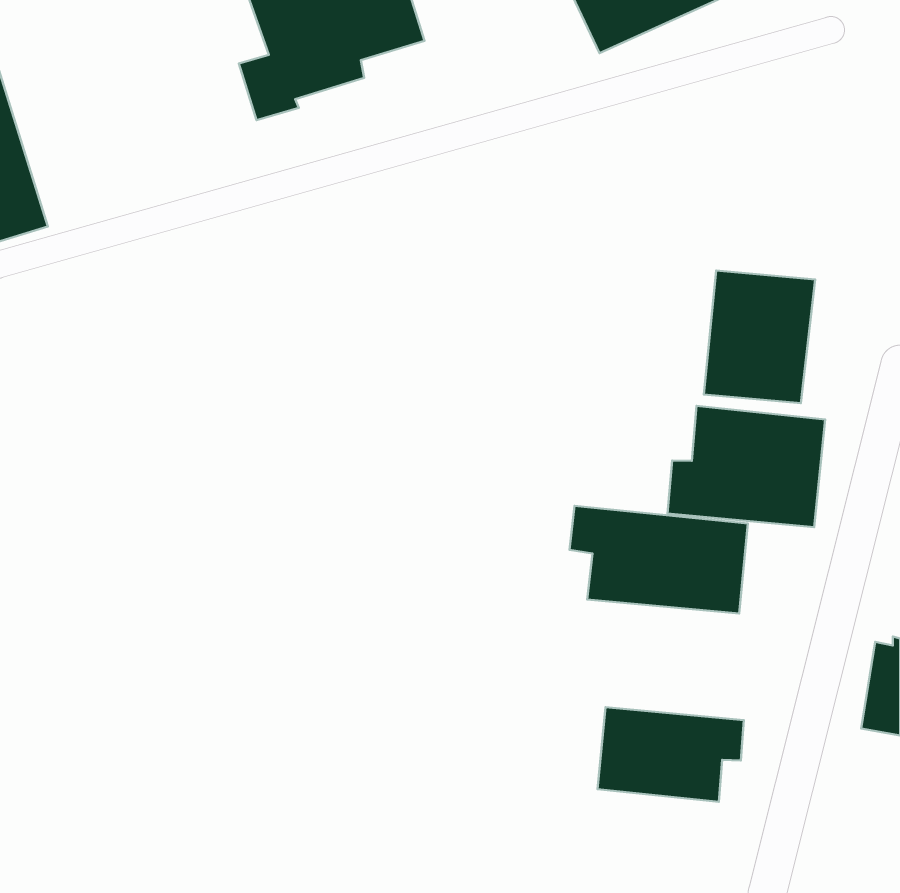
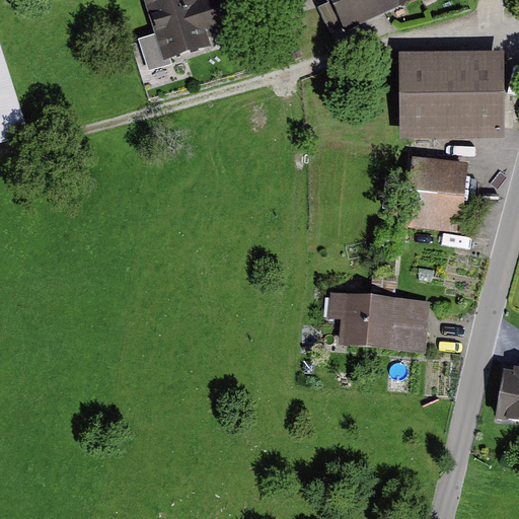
building: none -> [397,51,504,139]
building: [668,406,825,527] -> none
building: [598,707,744,802] -> none

